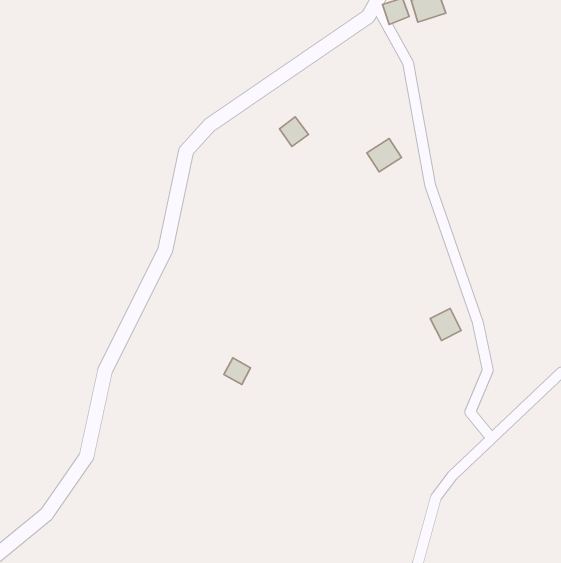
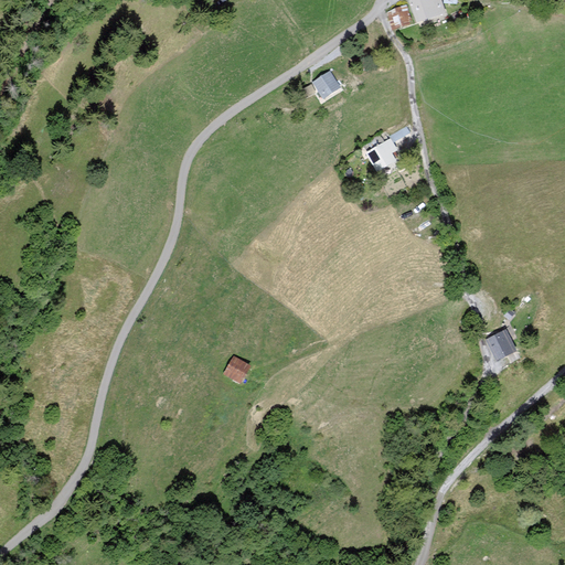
building: [280,117,308,147] -> [311,70,340,99]
building: [430,308,461,341] -> [487,330,518,362]

